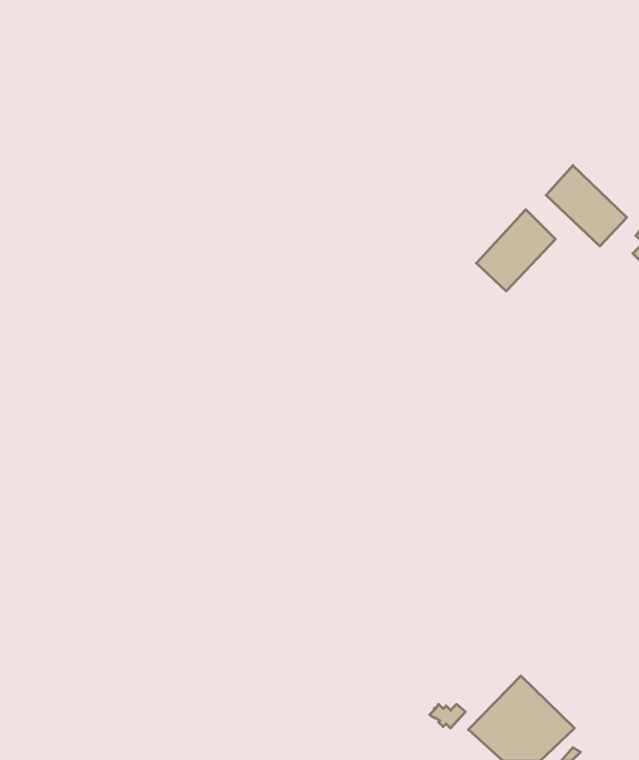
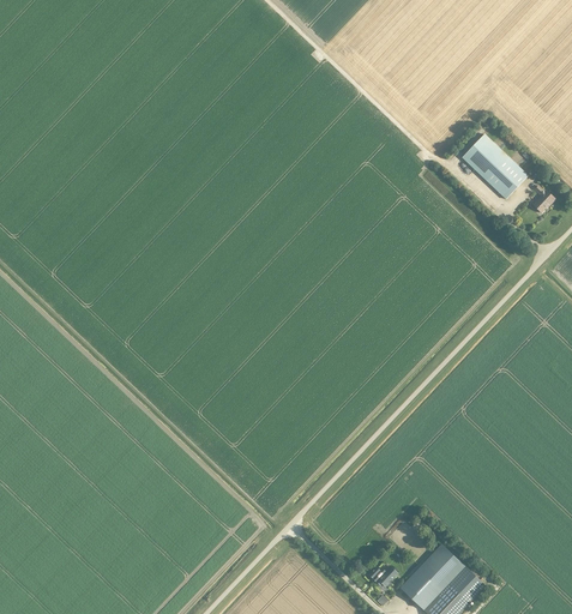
building: [476,210,555,291] -> none

